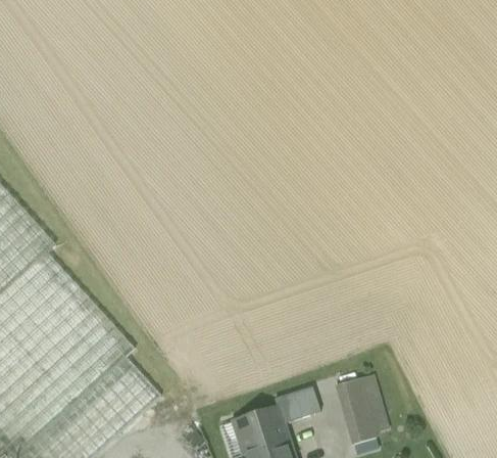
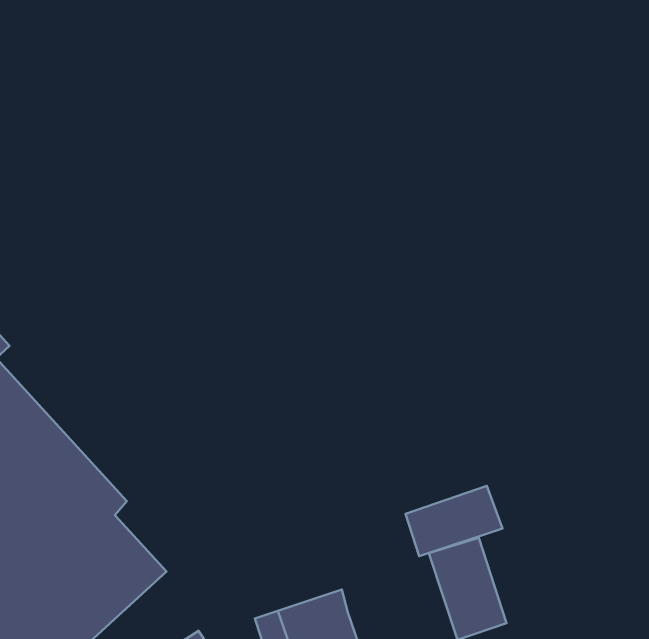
building: none -> [405,486,502,556]
building: [275,387,315,423] -> none

